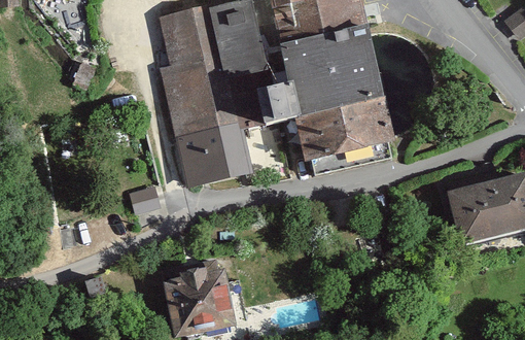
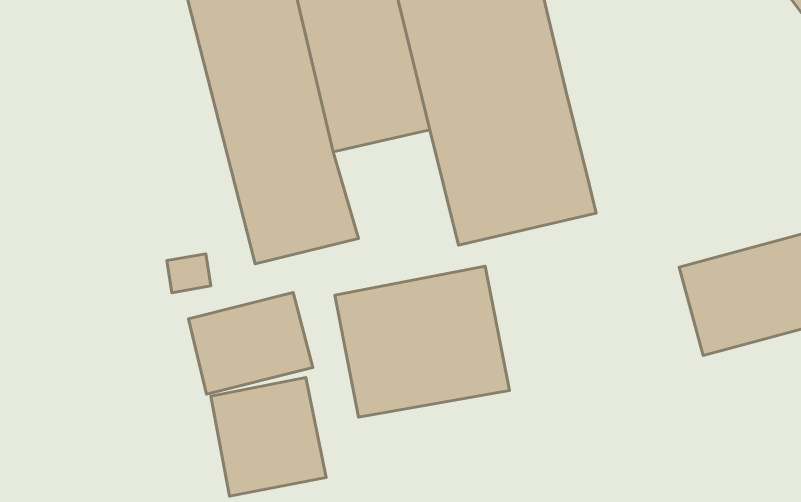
building: none -> [335,266,509,417]
building: none -> [189,293,313,394]

